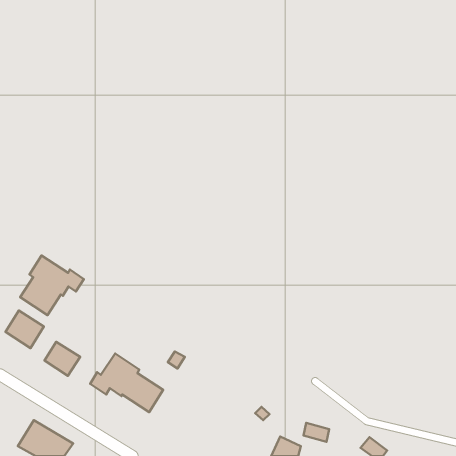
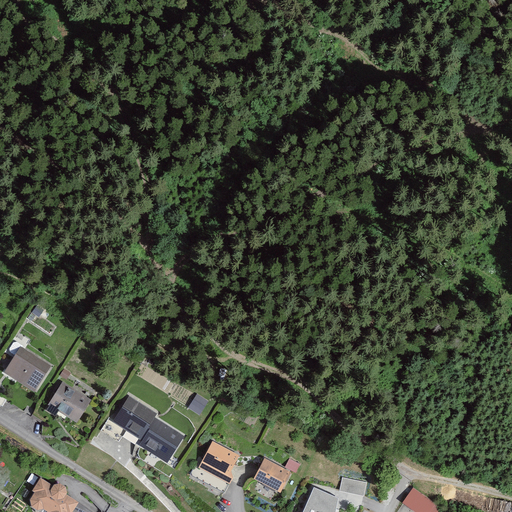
building: [20,256,84,315] -> none
building: none -> [191,442,238,493]
building: none -> [255,459,290,491]

